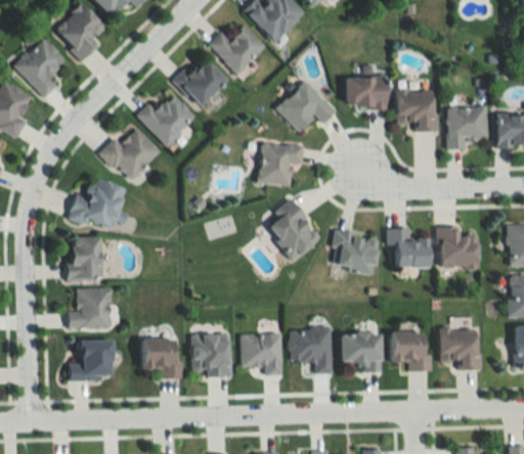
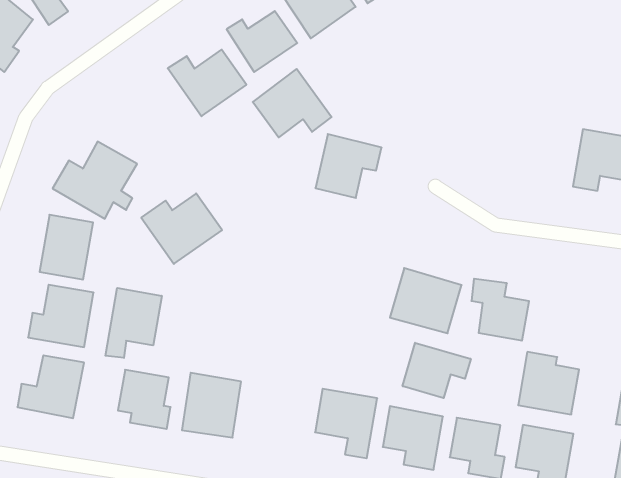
building: [346,77,388,108] -> none
building: [276,80,336,132] -> [253,69,332,137]
building: [397,90,435,128] -> none
building: [100,128,161,182] -> [141,193,222,264]
building: [267,198,322,260] -> none
building: [438,227,478,267] -> [518,352,579,414]
building: none -> [105,288,162,358]
building: none -> [403,343,471,398]
building: [242,333,281,374] -> none

